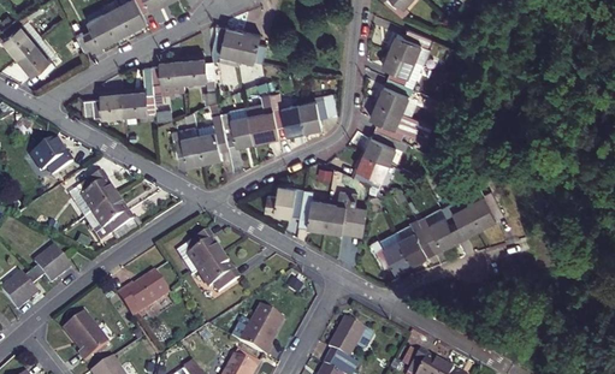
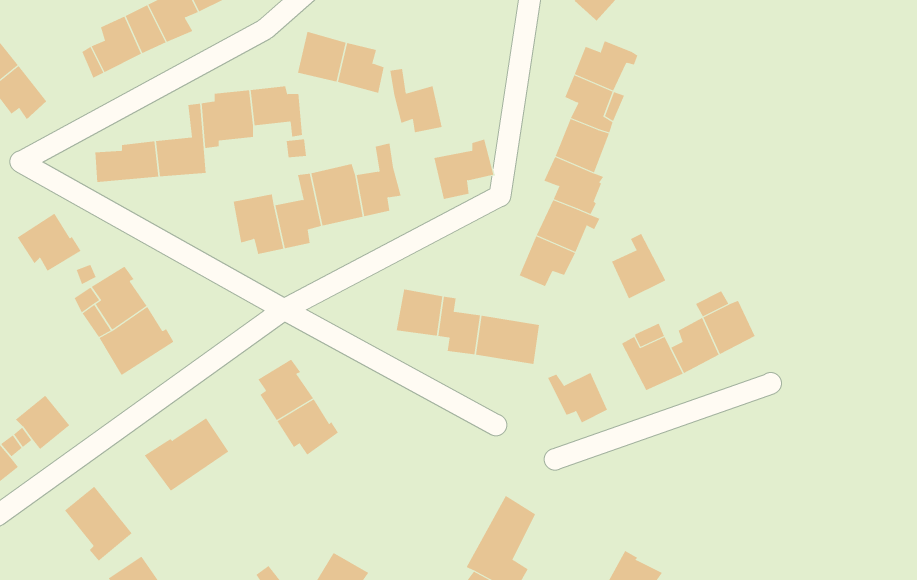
building: [270,94,303,135] -> [390,68,443,133]
building: [397,222,432,265] -> [611,233,666,299]
building: [240,308,283,358] -> none

